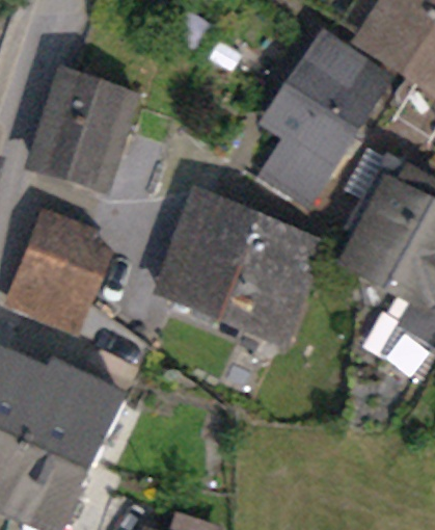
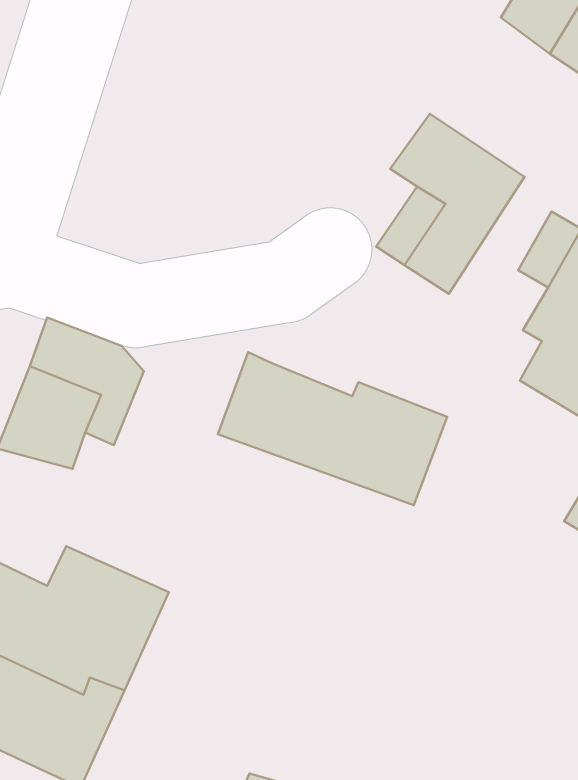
building: [295,37,386,123] -> none
building: [32,65,134,184] -> none
building: [175,197,320,281] -> none

